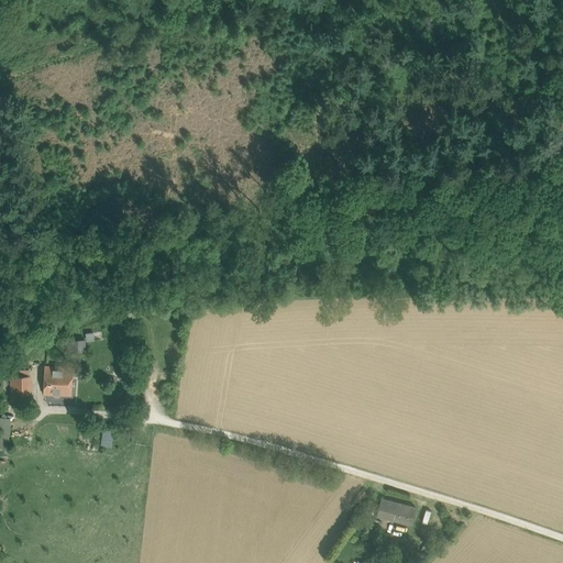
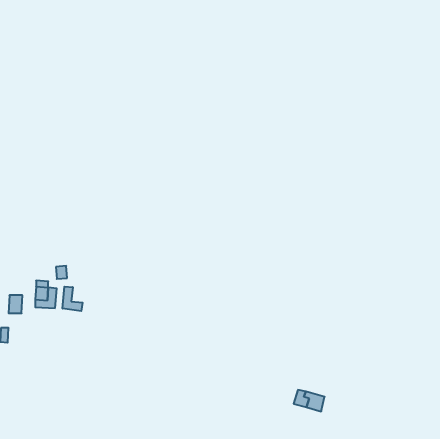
building: none -> [63,287,83,311]

